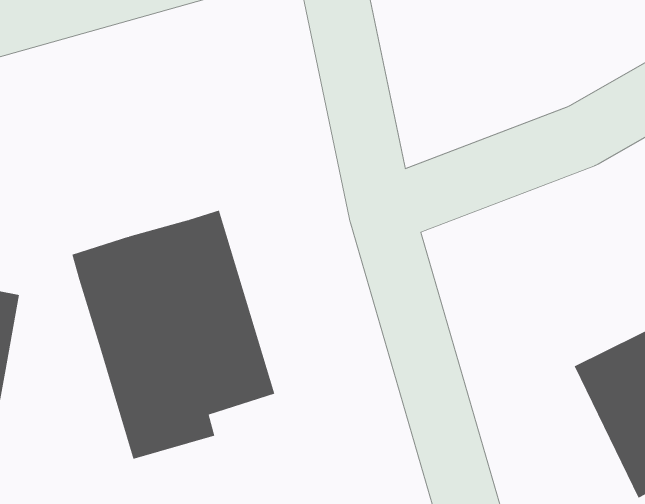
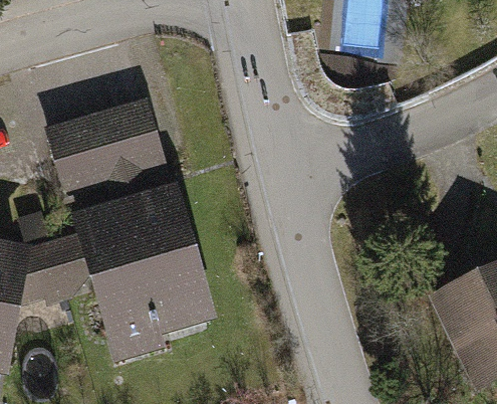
building: none -> [43,96,165,201]
building: none -> [21,201,88,299]

